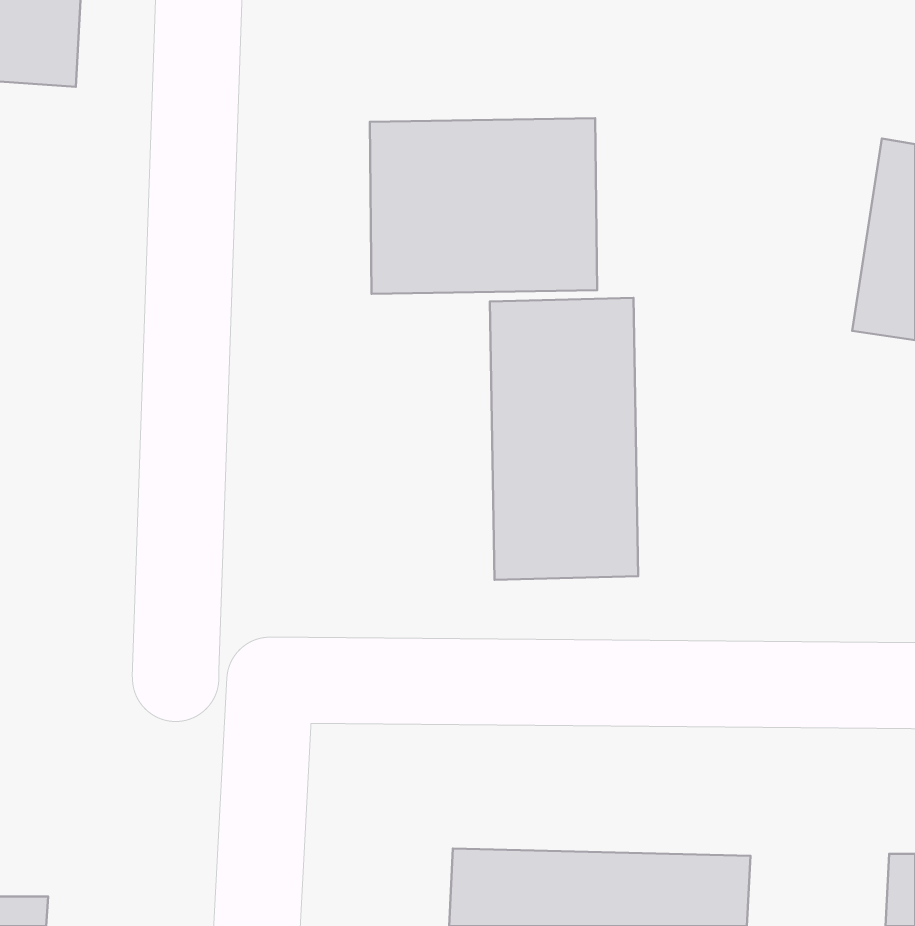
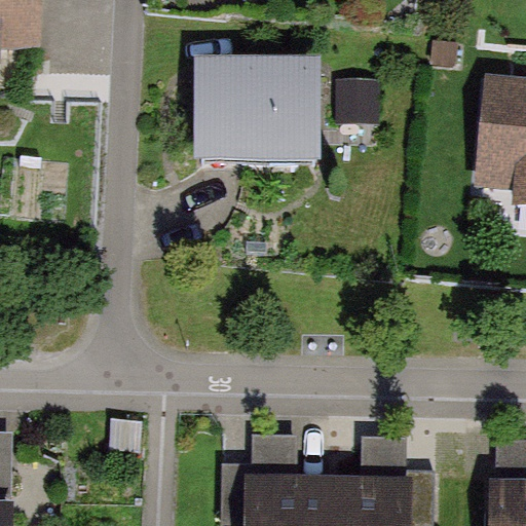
building: [490,298,638,580] -> none

